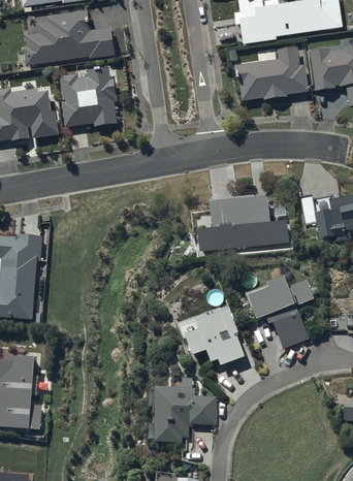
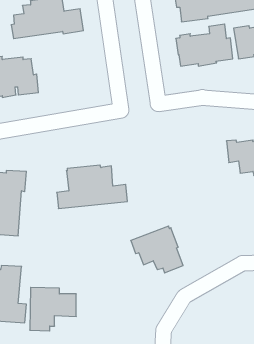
building: [60,67,118,133] -> none
building: [197,196,288,252] -> [57,165,127,209]
building: [244,277,317,349] -> none
building: [156,387,216,443] -> [30,287,76,331]

